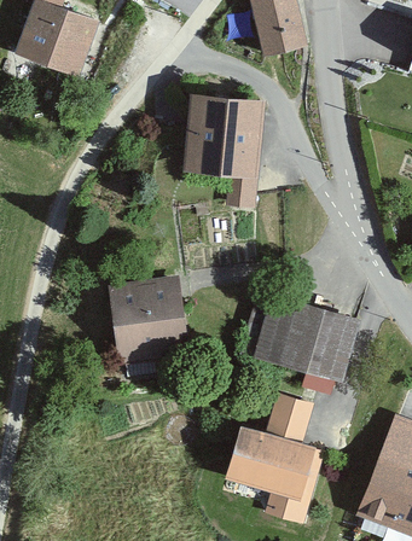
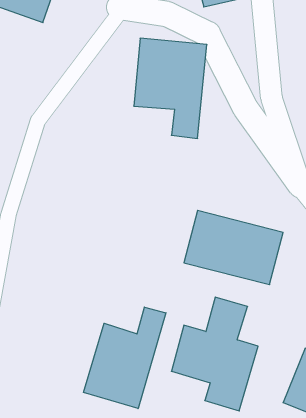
building: [108,275,190,365] -> none
building: none -> [84,307,166,409]

